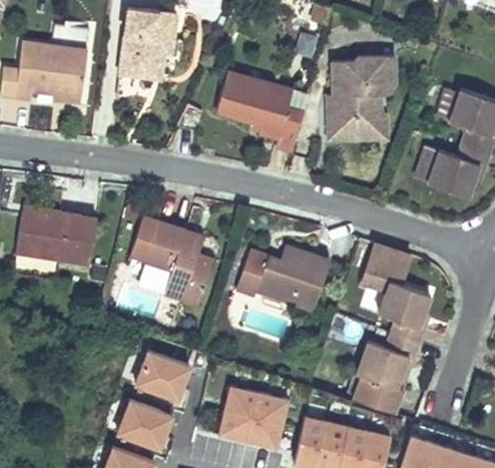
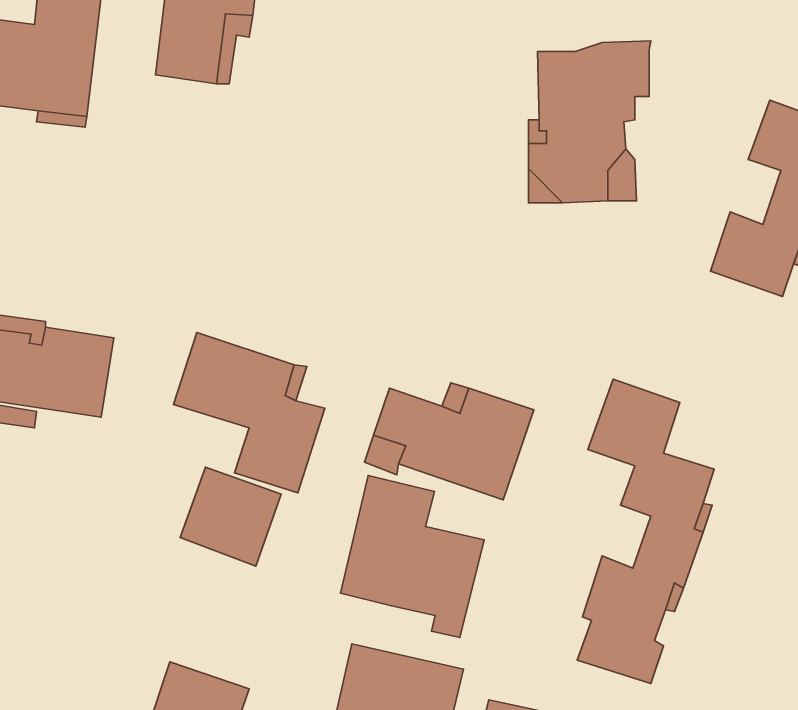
building: [215,70,308,149] -> none
building: none -> [341,476,484,638]
building: [133,352,189,407] -> [180,467,281,566]

